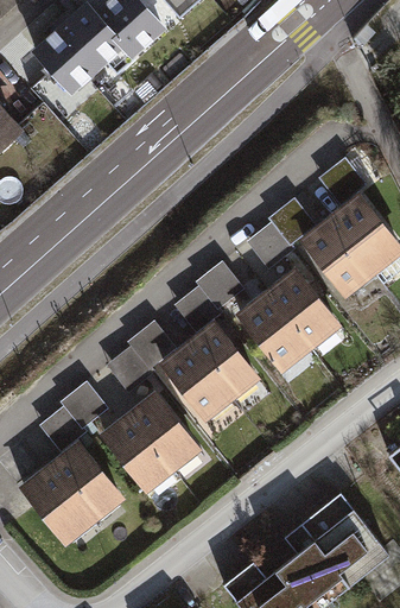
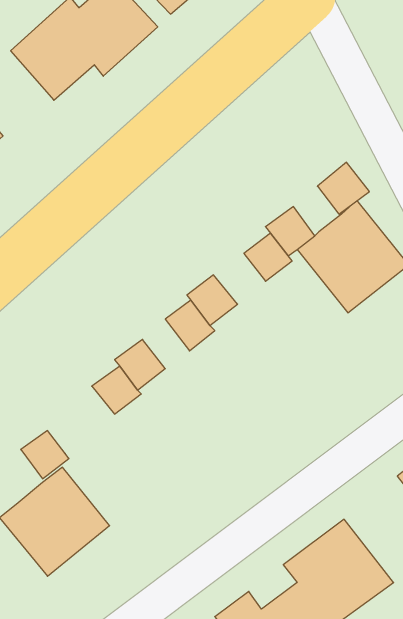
building: [236,272,338,373] -> none
building: [163,327,256,420] -> none
building: [61,384,108,430] -> none
building: [101,395,197,492] -> none

